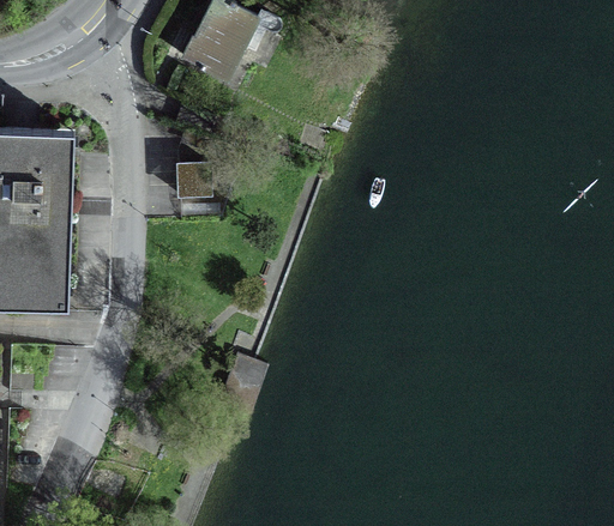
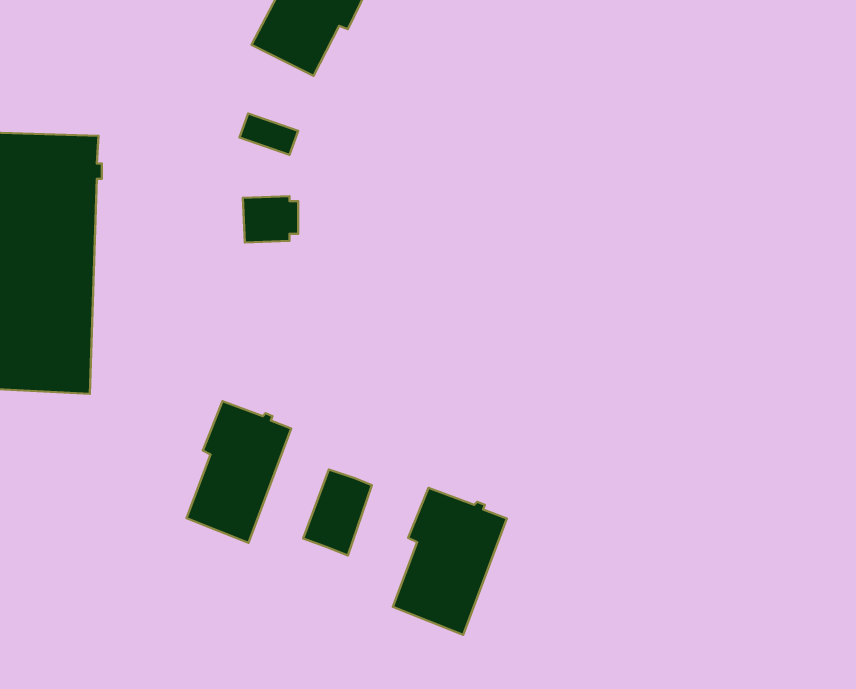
building: none -> [187,401,291,543]
building: none -> [393,488,507,635]

